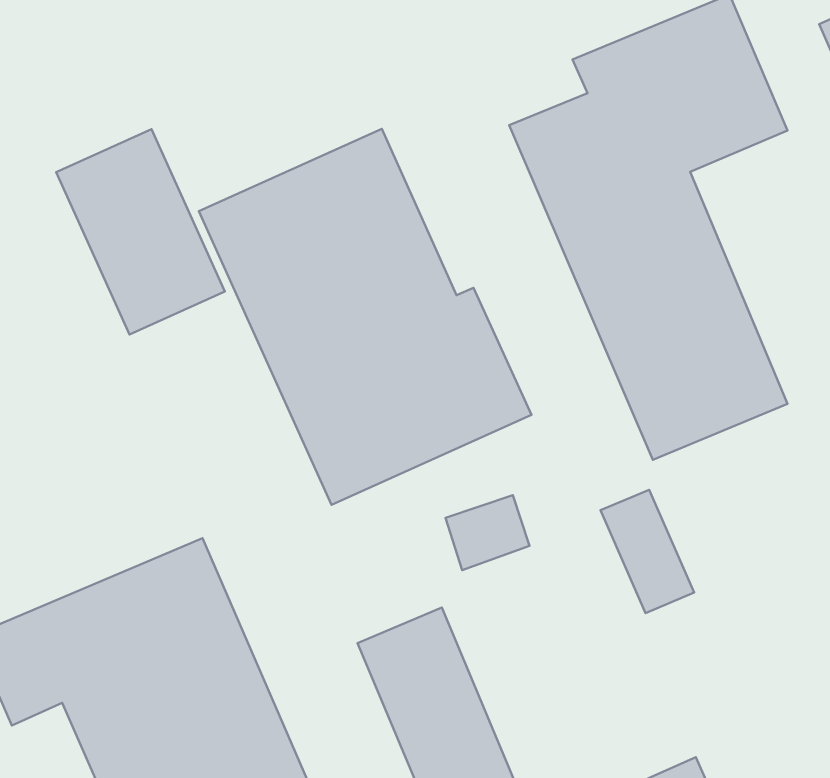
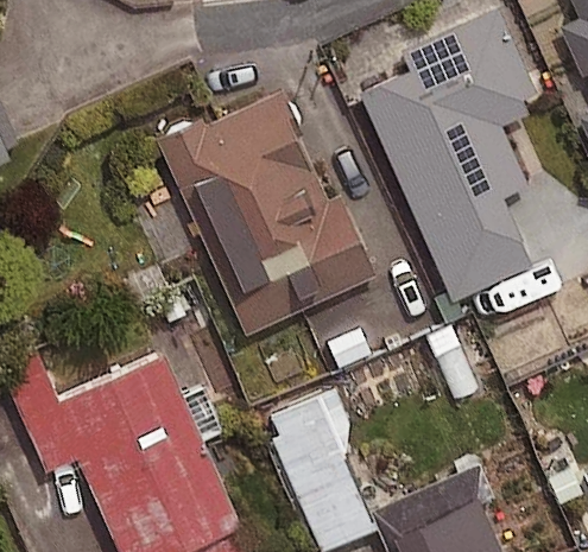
building: [56,129,225,335] -> none

